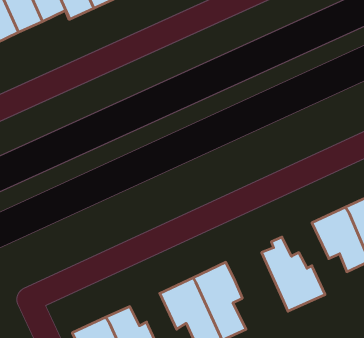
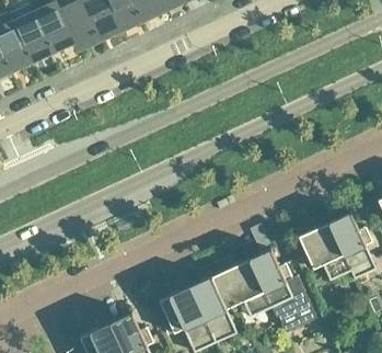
building: none -> [218,259,270,317]

